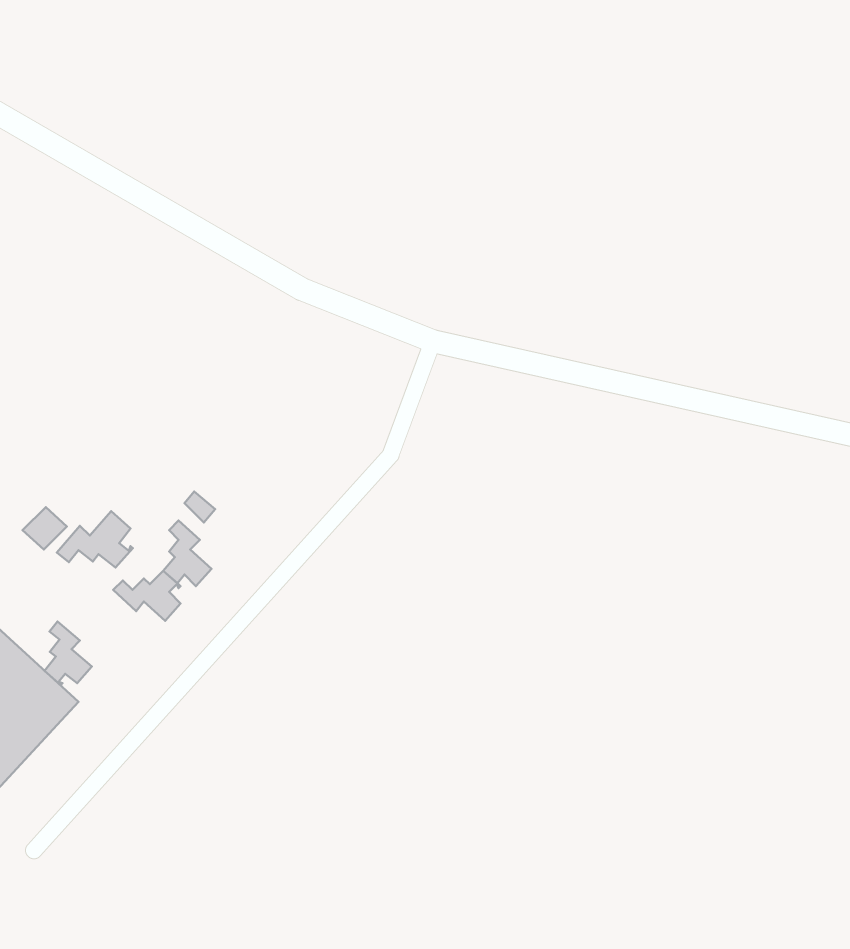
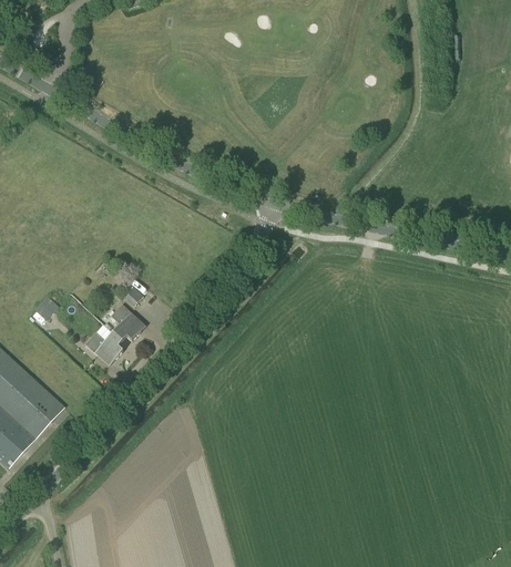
building: [57,511,133,568] -> none
building: [45,621,92,685] -> none

